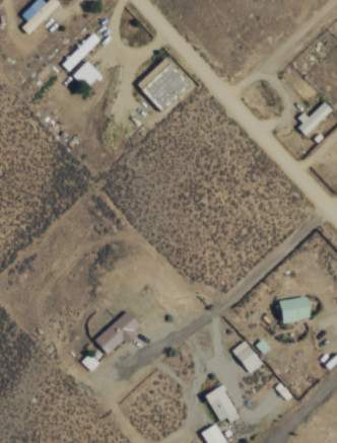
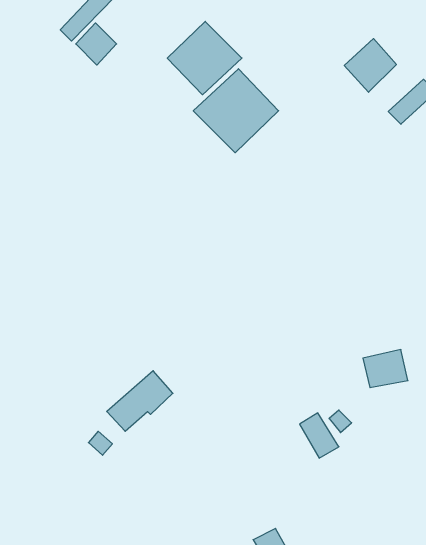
building: none -> [344,39,396,92]
building: none -> [193,69,279,153]
building: [204,384,239,425] -> none

